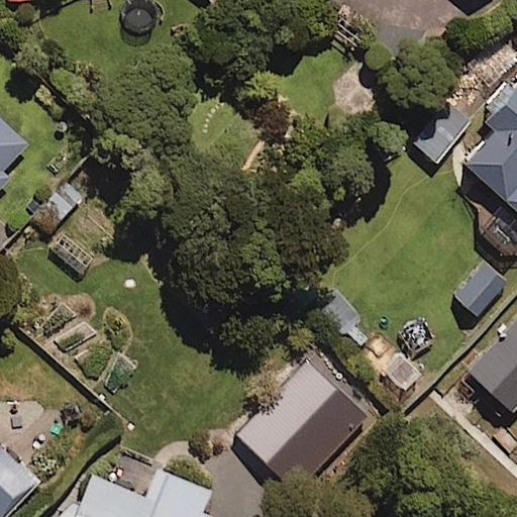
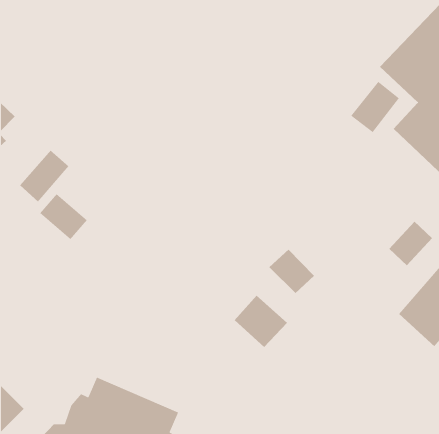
building: [246,394,347,494] -> none

